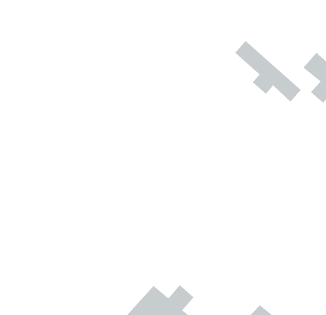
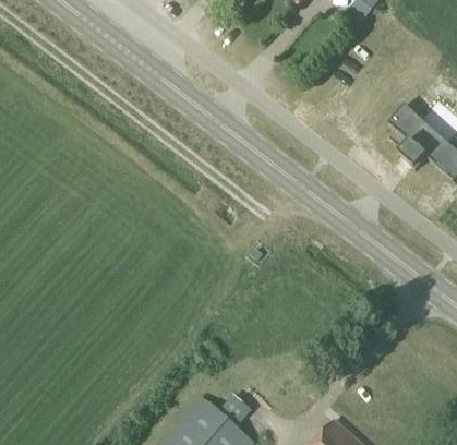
building: [234,40,302,103] -> none

